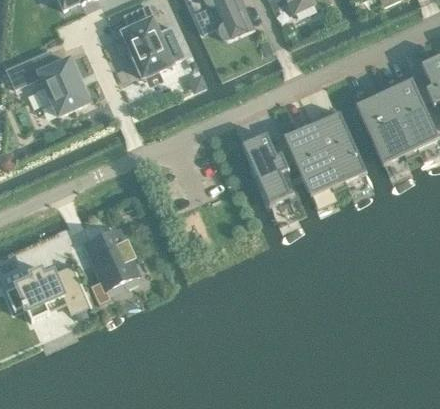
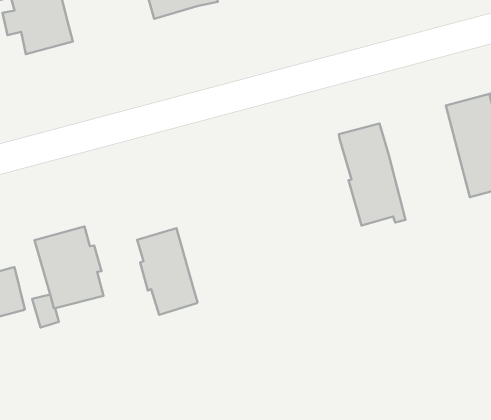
building: [311,110,367,187] -> none
building: [241,132,299,205] -> none
building: none -> [137,228,197,315]

